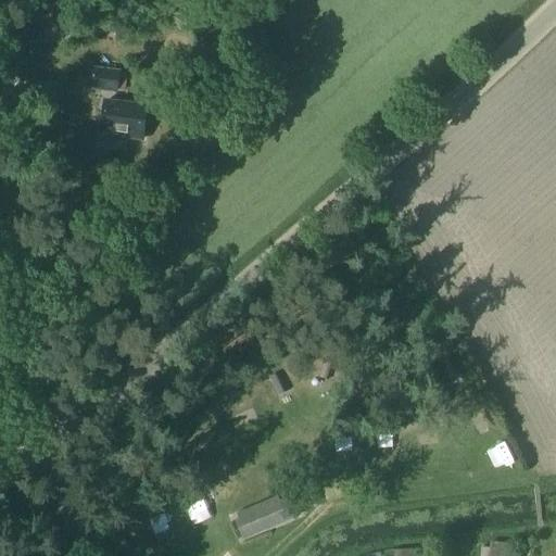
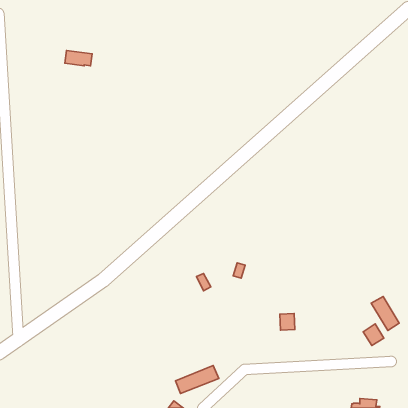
building: [99,101,143,138] -> none
building: none -> [371,296,399,330]

